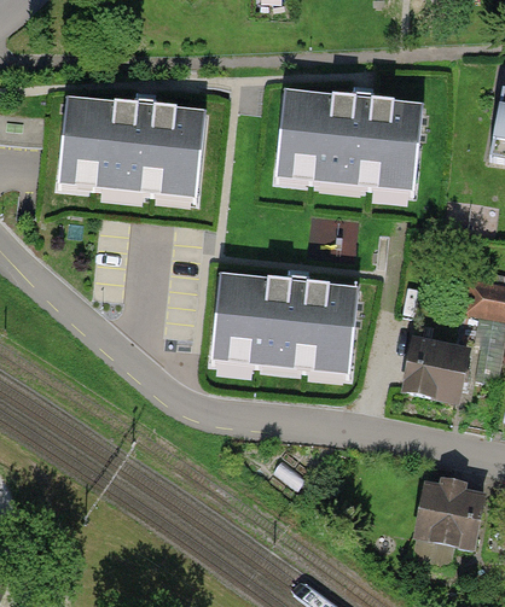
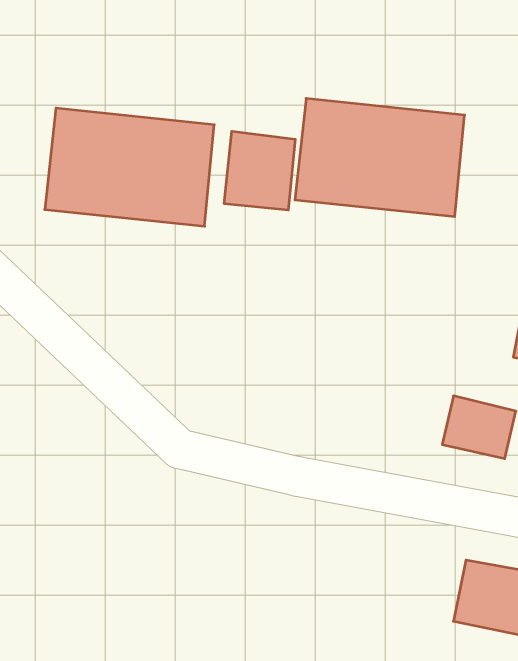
building: none -> [224,131,295,210]
building: [210,270,358,373] -> none

